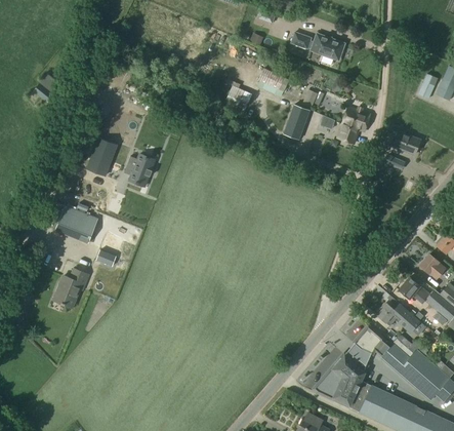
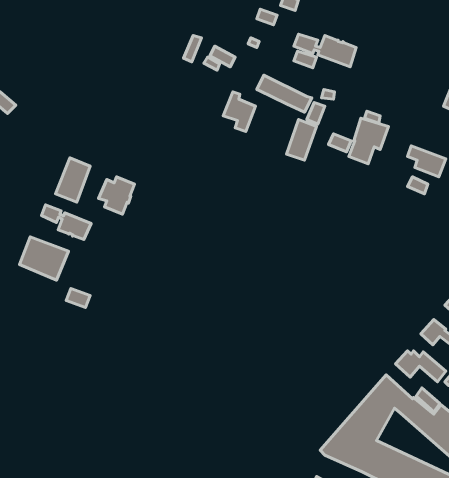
building: none -> [41,205,91,240]
building: [53,269,88,308] -> none

